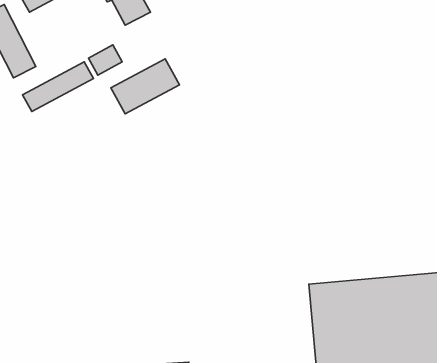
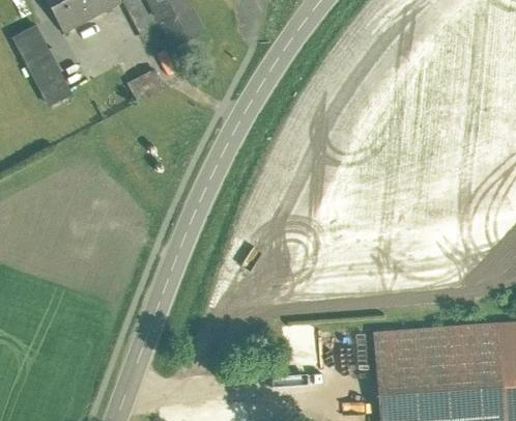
building: [111,59,179,114] -> none
building: [23,62,93,112] -> none

